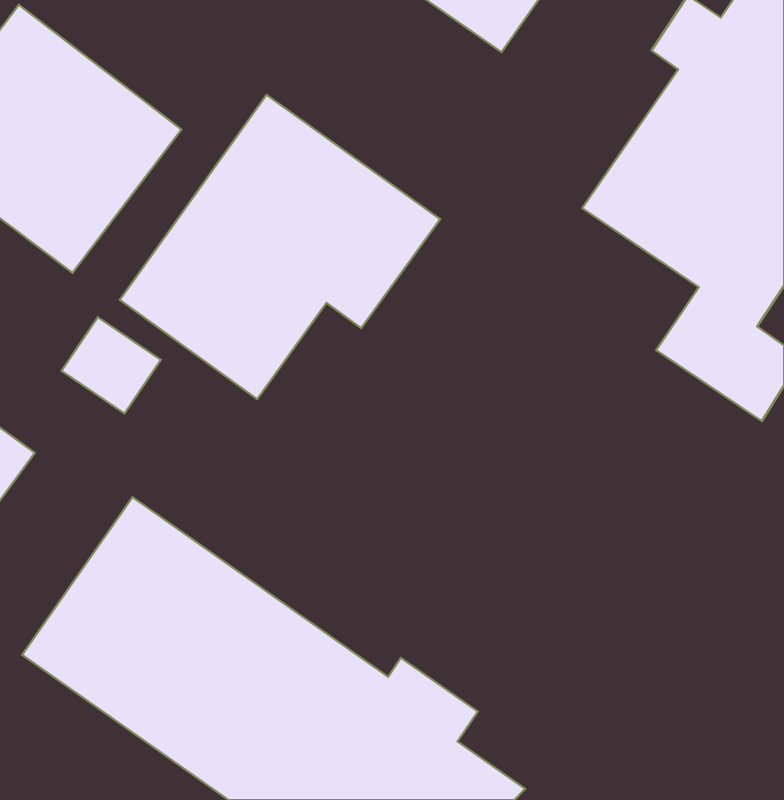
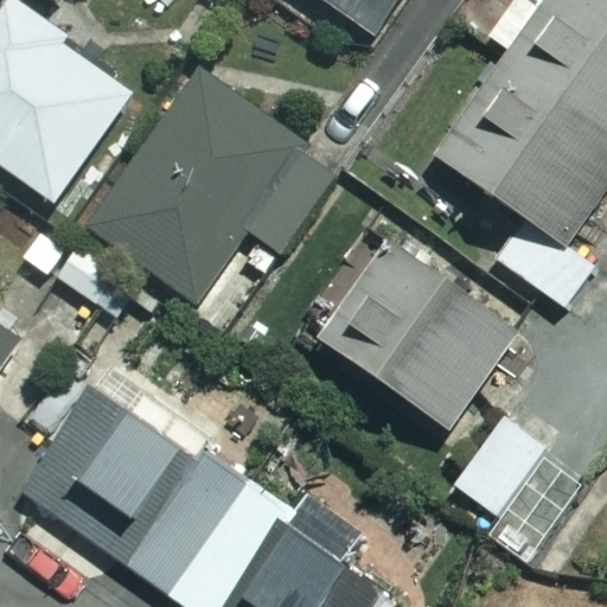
building: none -> [322,238,520,429]
building: none -> [454,424,579,561]

